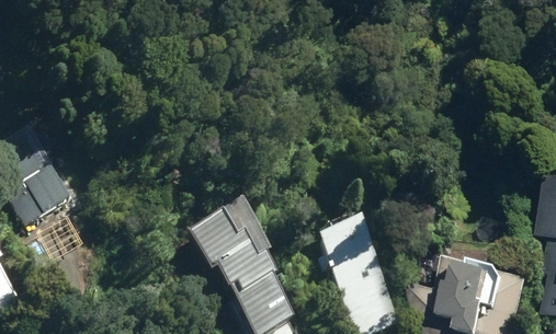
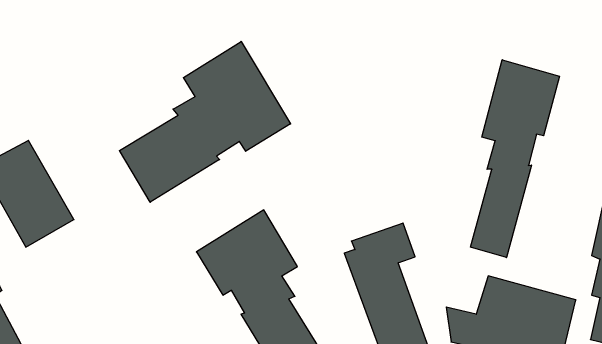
building: none -> [119,41,291,202]
building: none -> [471,60,560,258]

